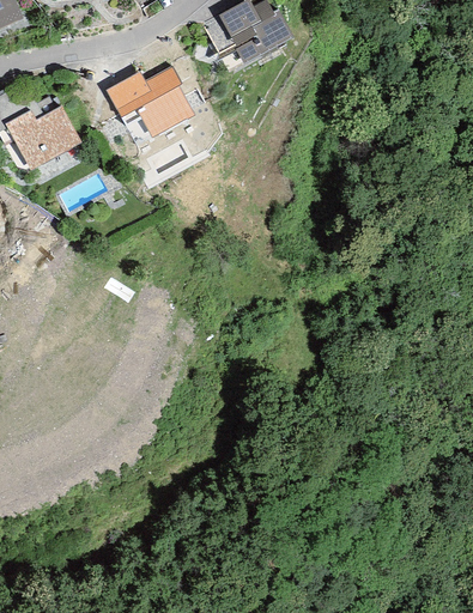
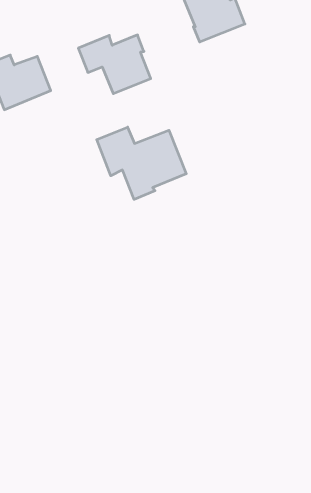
building: none -> [97,127,186,199]

